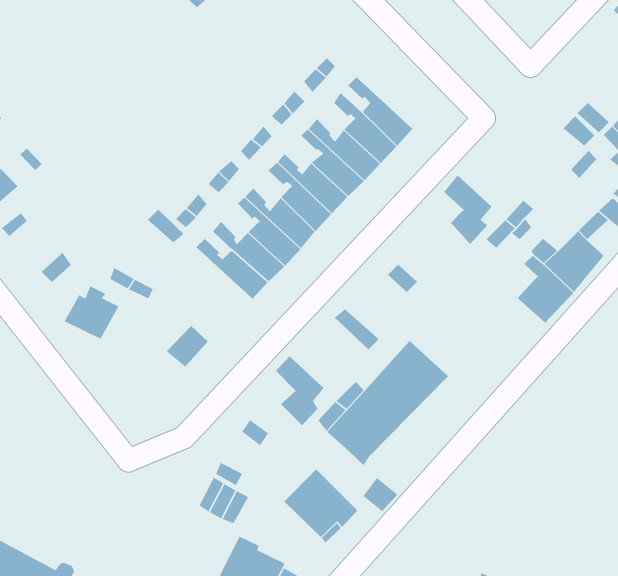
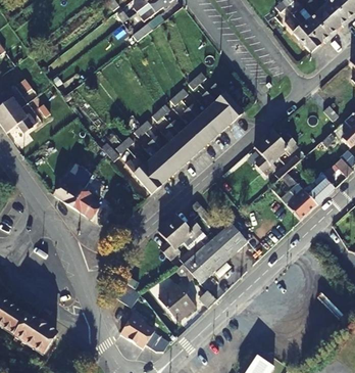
building: none -> [262,132,298,157]
building: none -> [71,190,99,219]
building: none -> [167,217,202,242]

